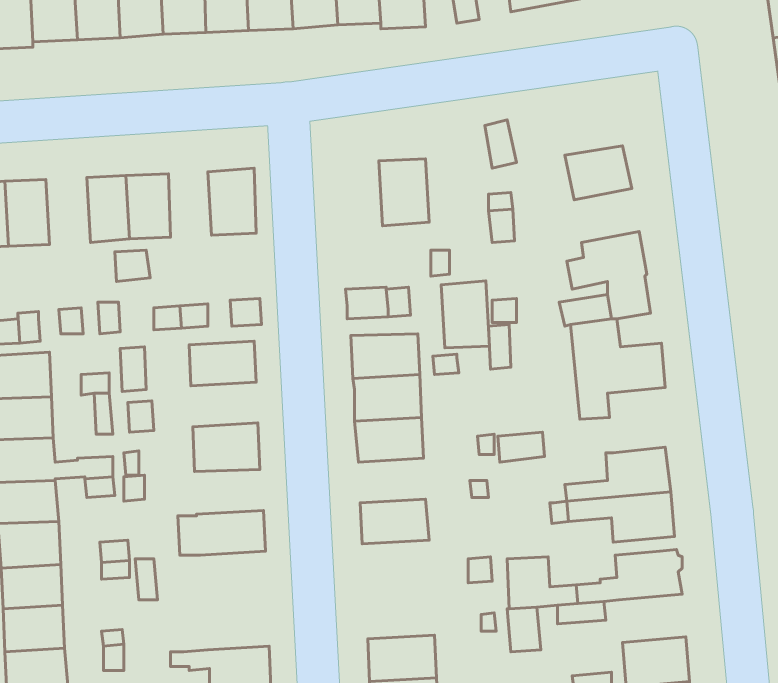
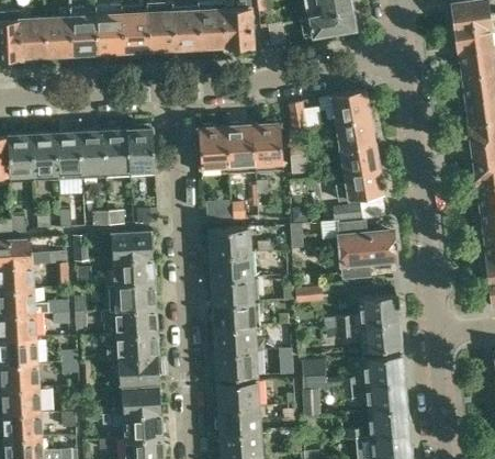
building: none -> [330,91,369,123]
building: none -> [196,126,227,166]
building: none -> [101,133,126,171]
building: none -> [29,136,55,176]
building: none -> [340,143,379,175]
building: [441,281,489,348] -> [252,123,281,163]
building: none -> [114,257,154,283]
building: none -> [213,302,252,328]
building: none -> [101,309,157,335]
building: none -> [215,350,256,378]
building: none -> [120,357,159,384]
building: none -> [217,382,258,408]
building: none -> [367,382,406,411]
building: none -> [123,389,160,415]

